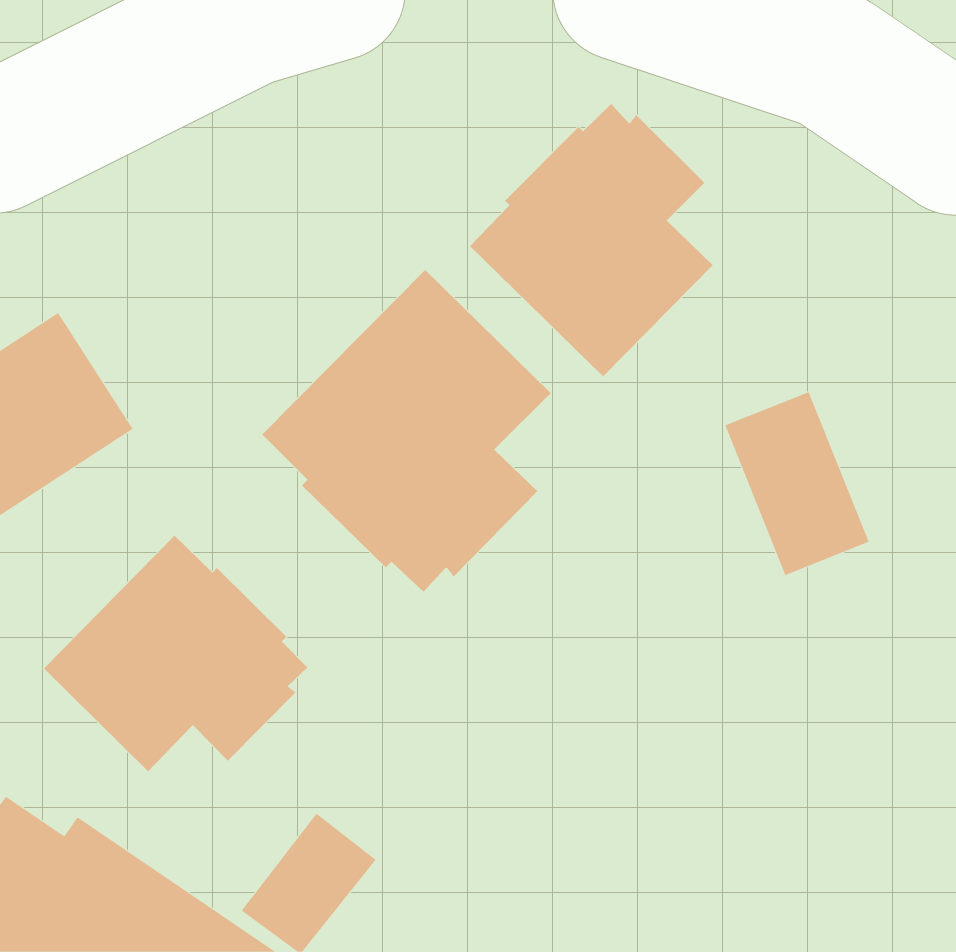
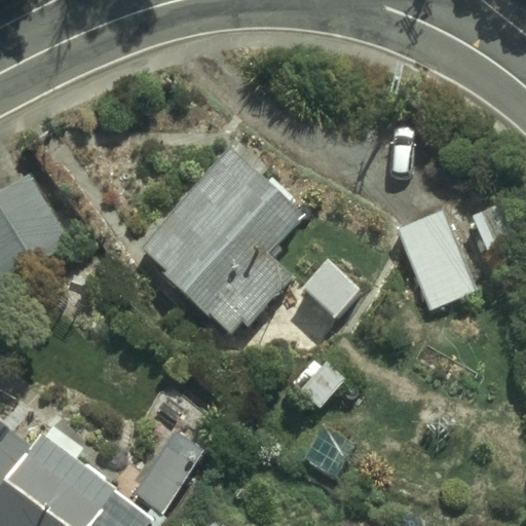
building: [469,103,714,377] -> none
building: [43,535,308,772] -> none

